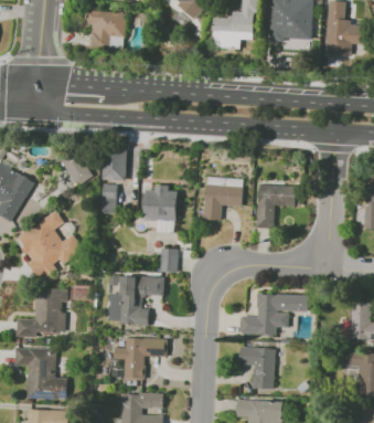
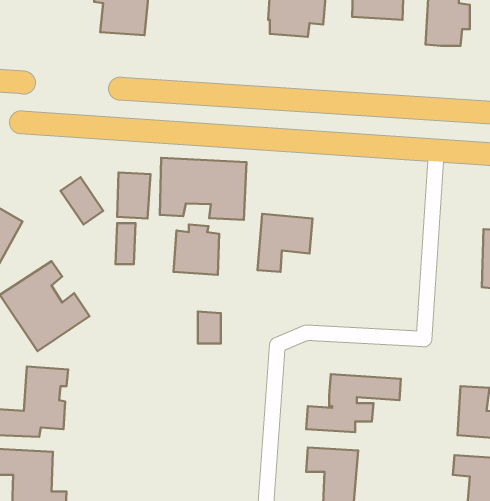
building: none -> [160,158,247,220]
building: [257,183,297,226] -> none
building: [109,276,163,324] -> none
building: [114,337,167,378] -> none

